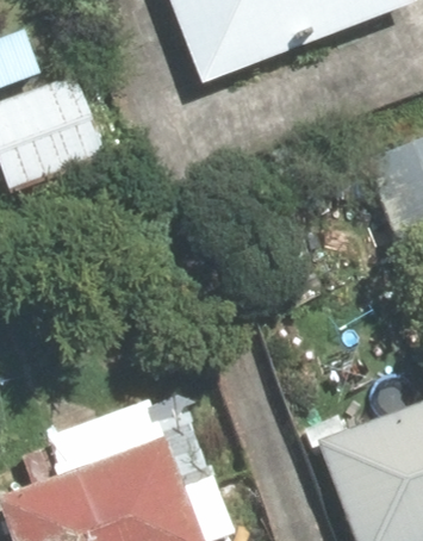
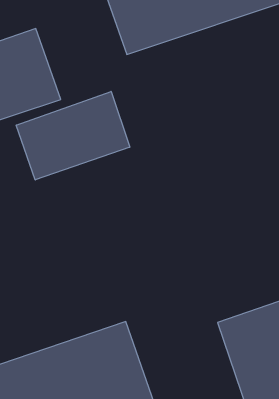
building: none -> [16,91,130,180]

